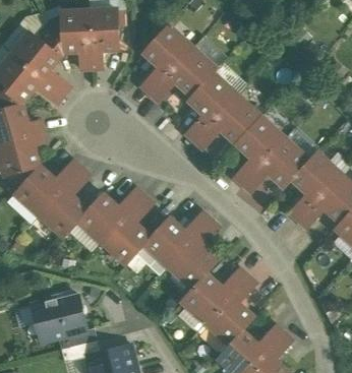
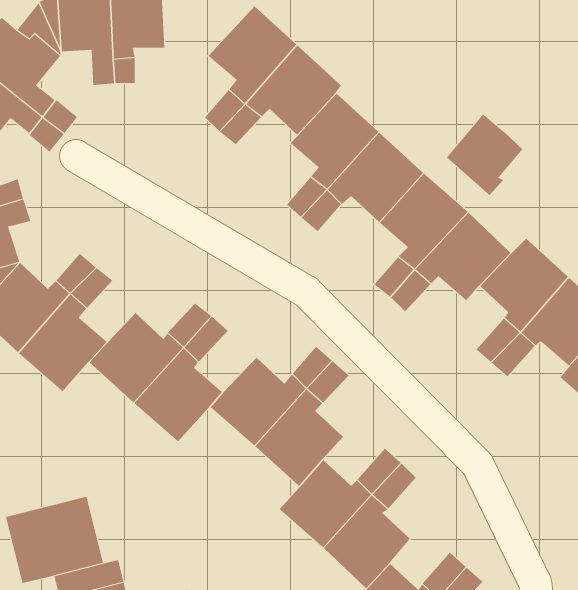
building: none -> [446,113,523,196]

